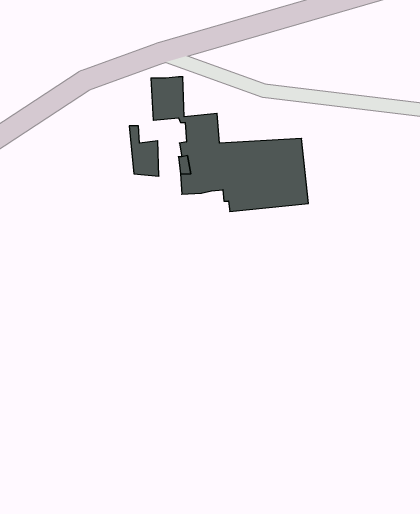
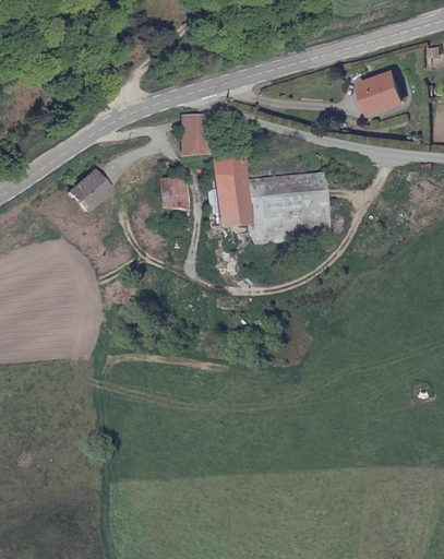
building: none -> [363,72,403,109]
building: none -> [68,175,109,216]

